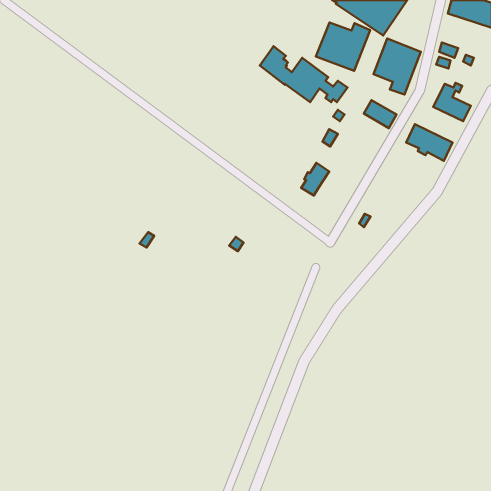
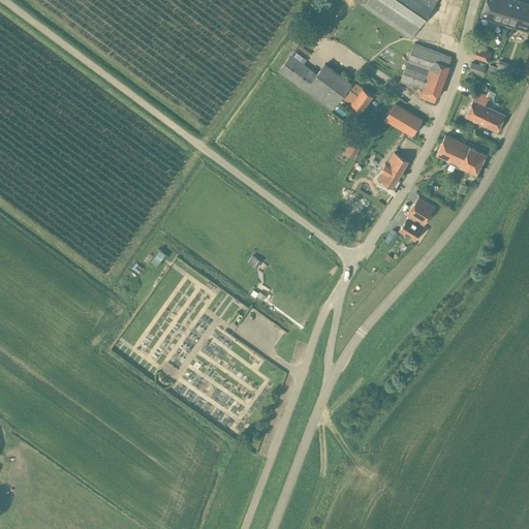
building: [316,22,370,71] -> none
building: [301,163,329,195] -> [378,153,408,188]
building: none -> [400,196,437,241]

